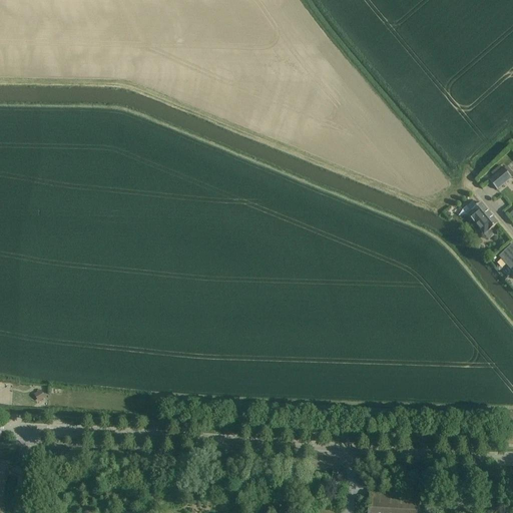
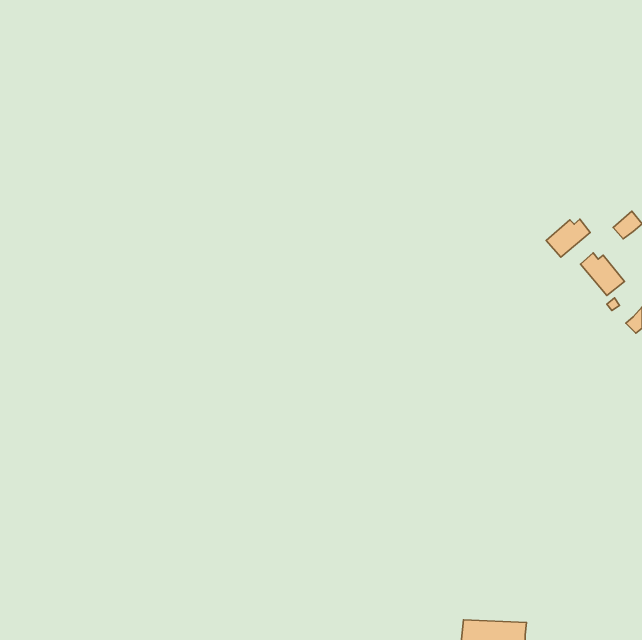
building: none -> [546,219,590,257]

